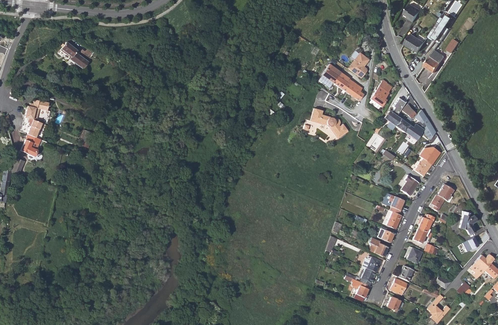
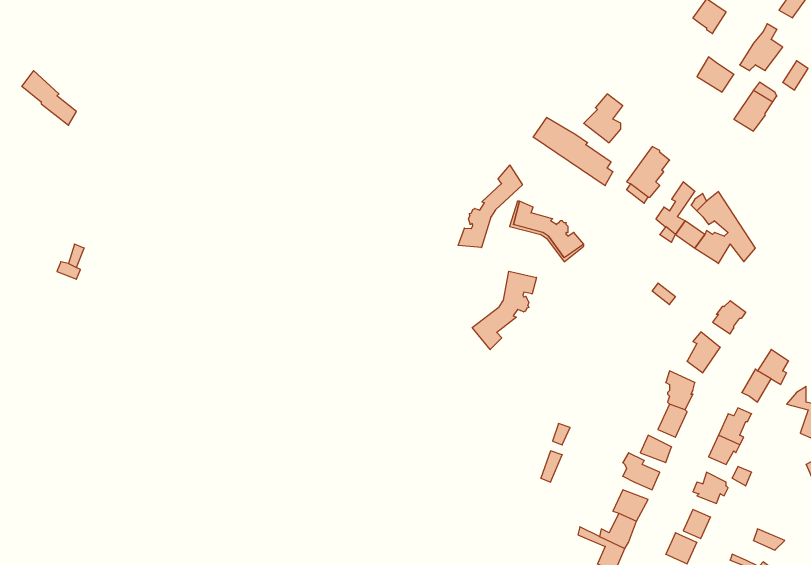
building: none -> [458,165,522,248]
building: none -> [472,271,536,350]

